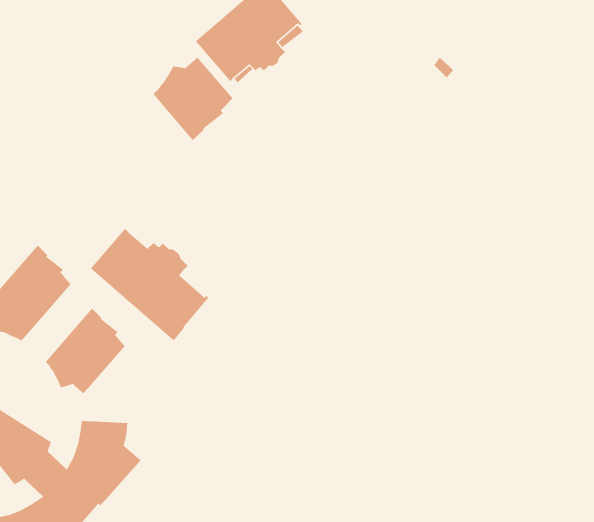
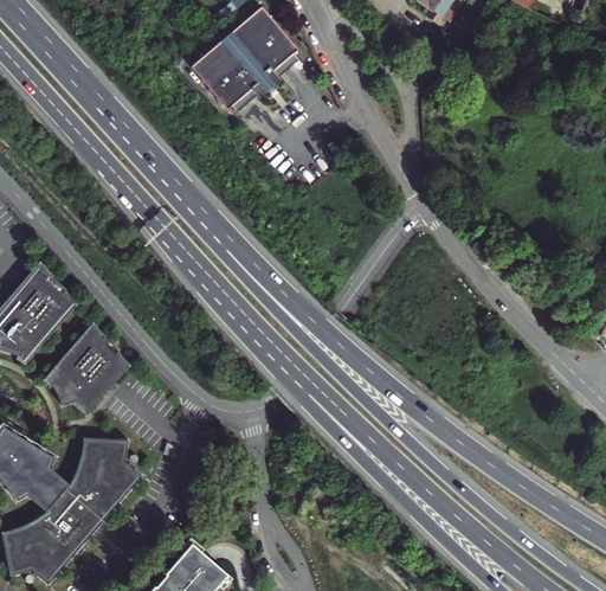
building: [153,56,233,141] -> none
building: [90,228,210,342] -> none

